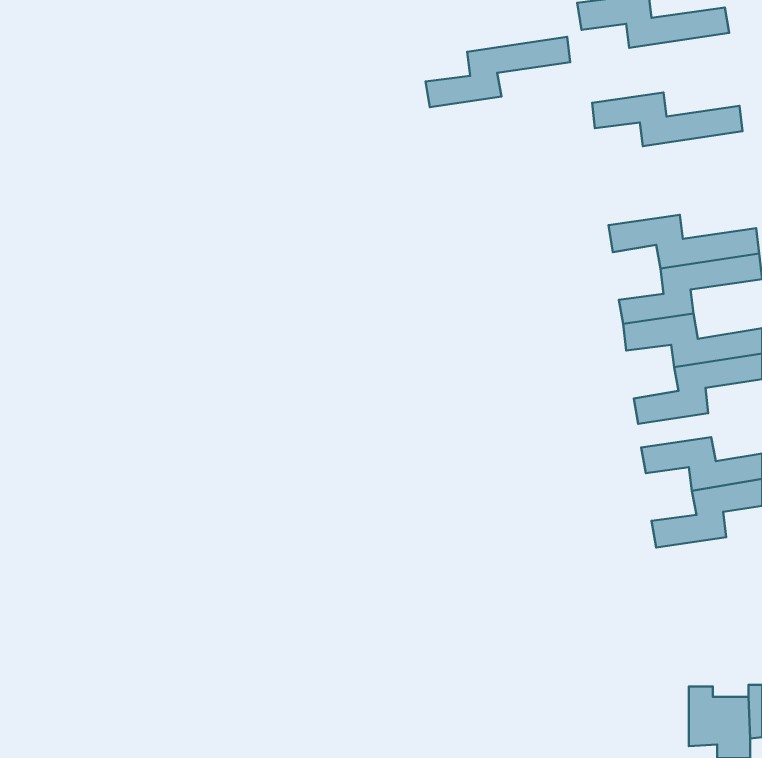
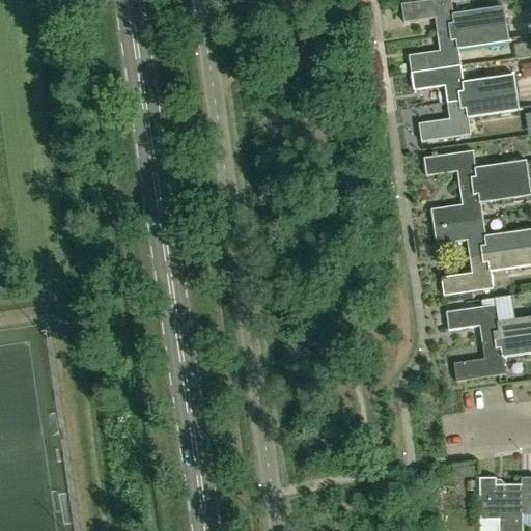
building: [425,37,570,107] -> [409,23,509,72]
building: none -> [419,91,519,140]

